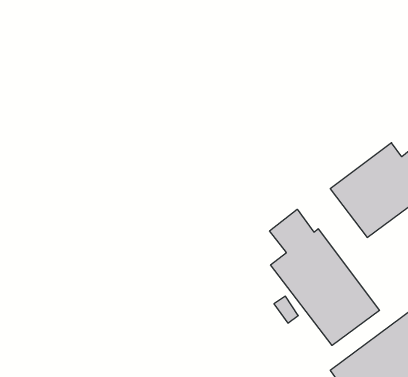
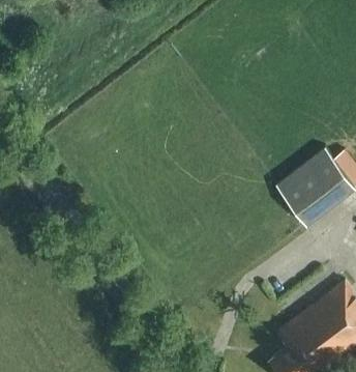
building: [270,209,379,345] -> none

